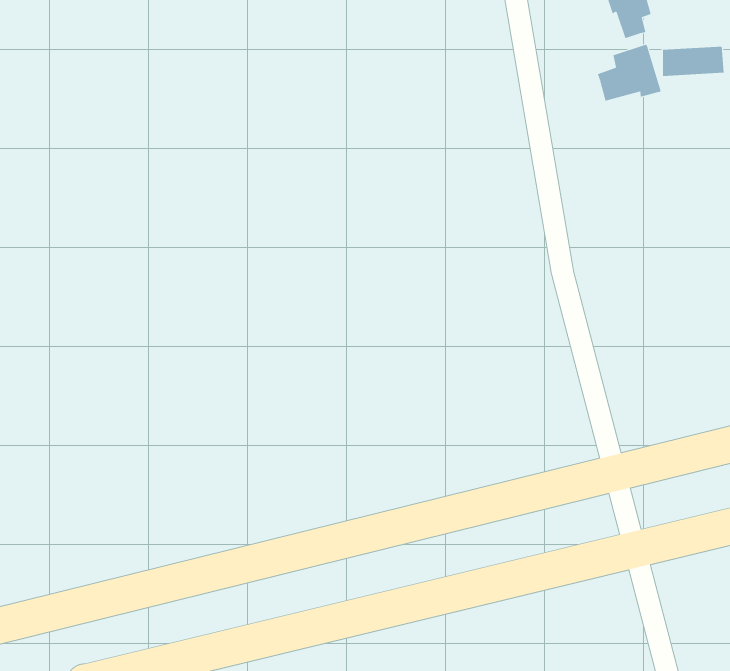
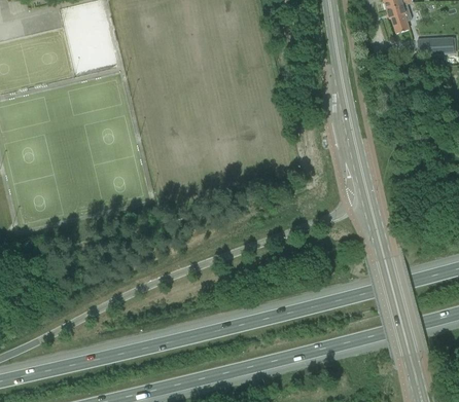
building: [596,44,661,102] -> none

